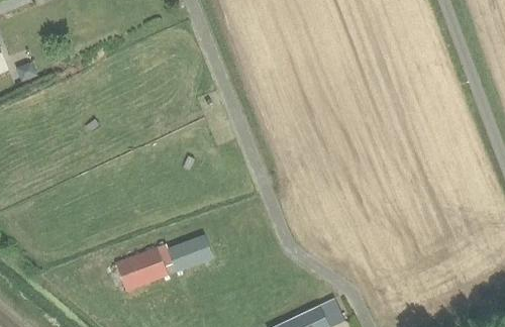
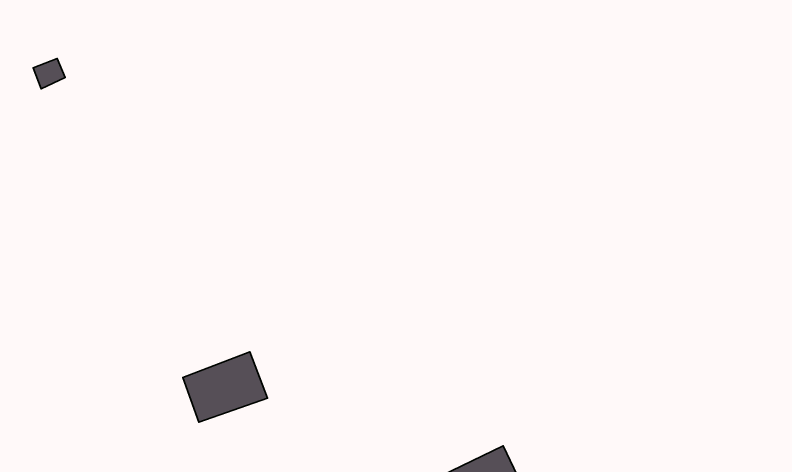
building: [168,235,212,273] -> none

